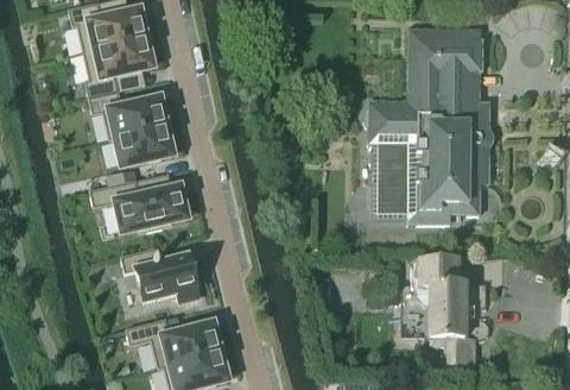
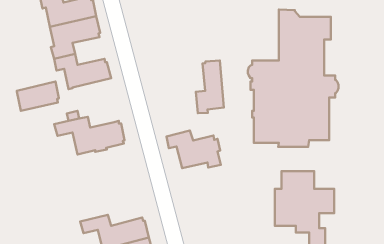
building: none -> [196,60,224,113]
building: [116,125,176,166] -> [17,81,59,111]
building: [122,247,200,301] -> [166,131,221,168]

